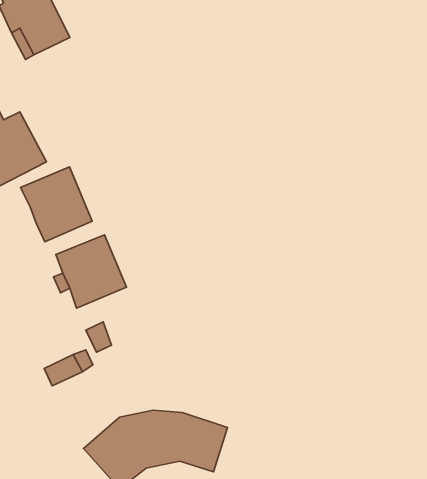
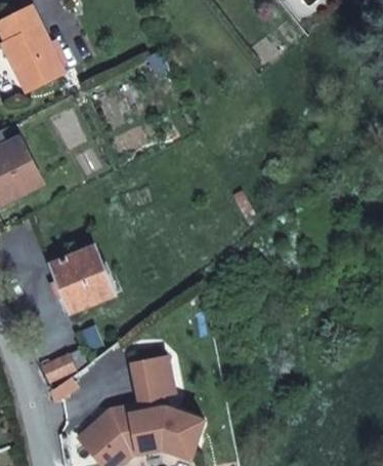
building: [21,167,92,242] -> none
building: none -> [130,354,174,404]

